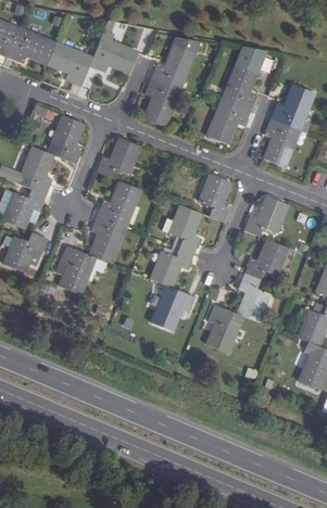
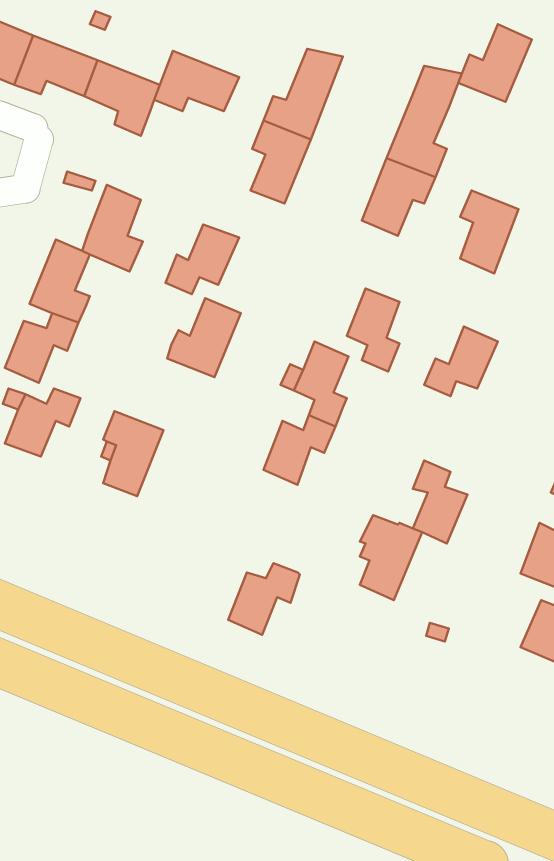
building: [272,84,314,128] -> [458,24,532,102]
building: [89,214,124,262] -> none
building: [244,239,287,279] -> none
building: [153,289,194,330] -> [228,563,300,635]

